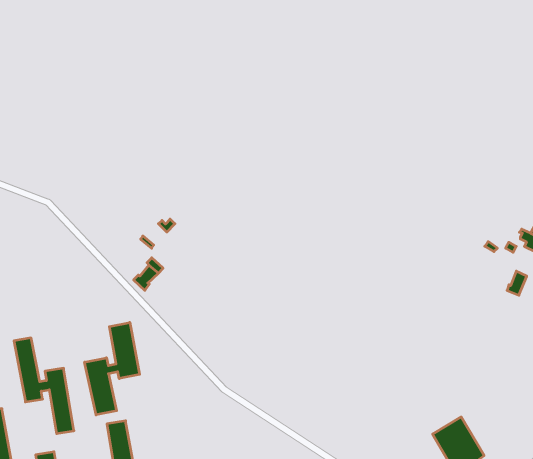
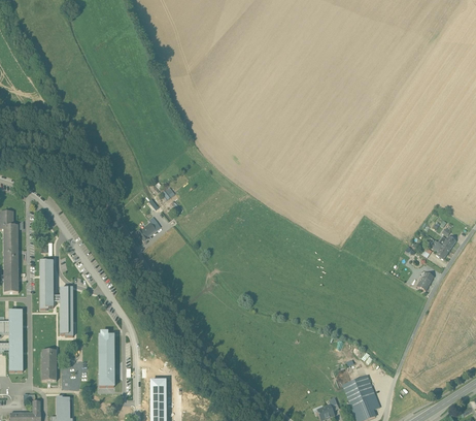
building: [85,322,140,415] -> none

